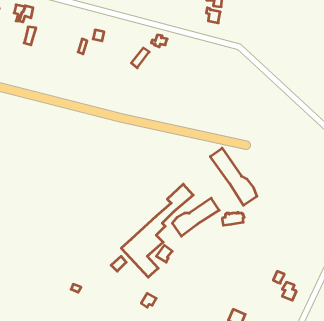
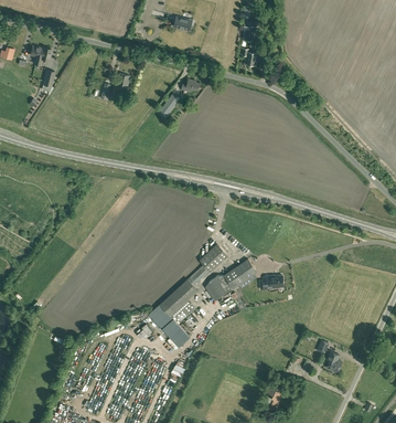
building: [210,148,257,205] -> none

